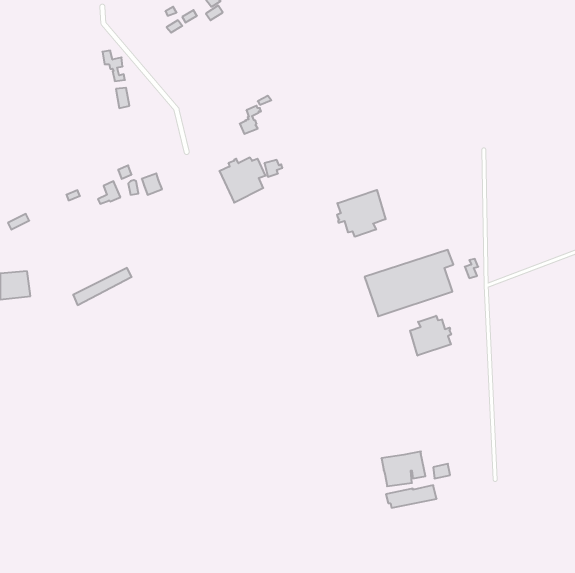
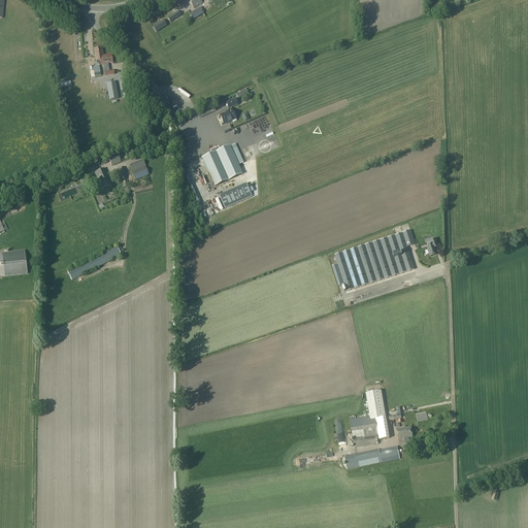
building: [337,190,386,237] -> none
building: [410,316,451,356] -> none
building: none -> [366,389,386,417]

